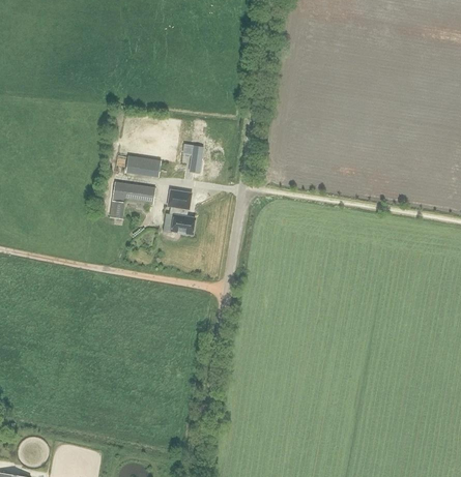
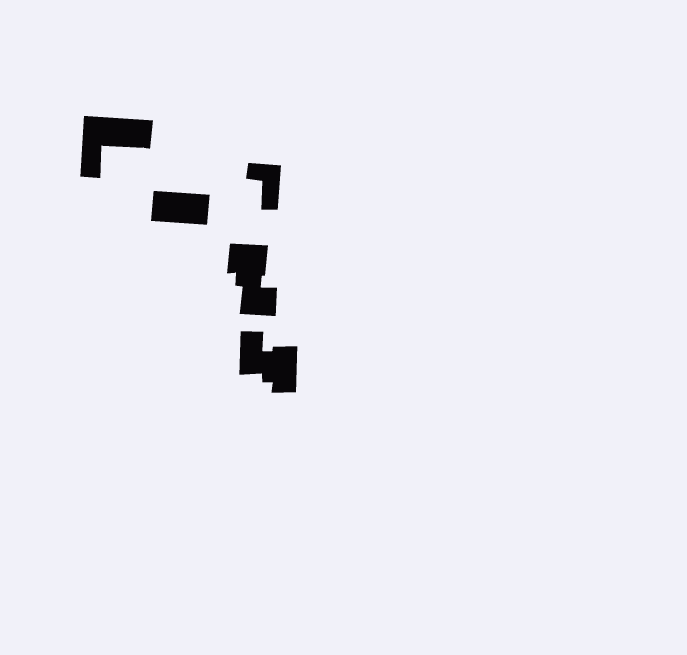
building: [110,181,155,218] -> [80,115,154,179]
building: none -> [239,330,298,394]

